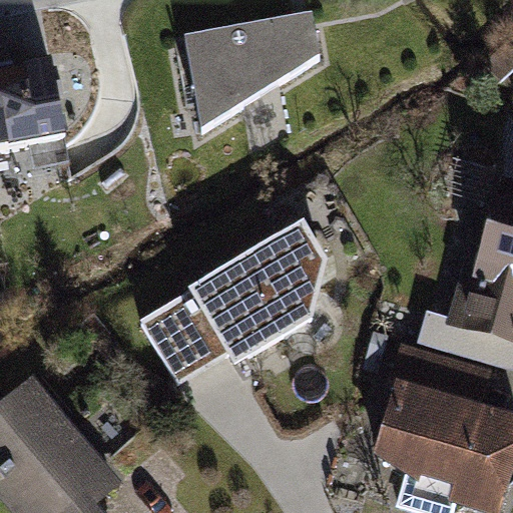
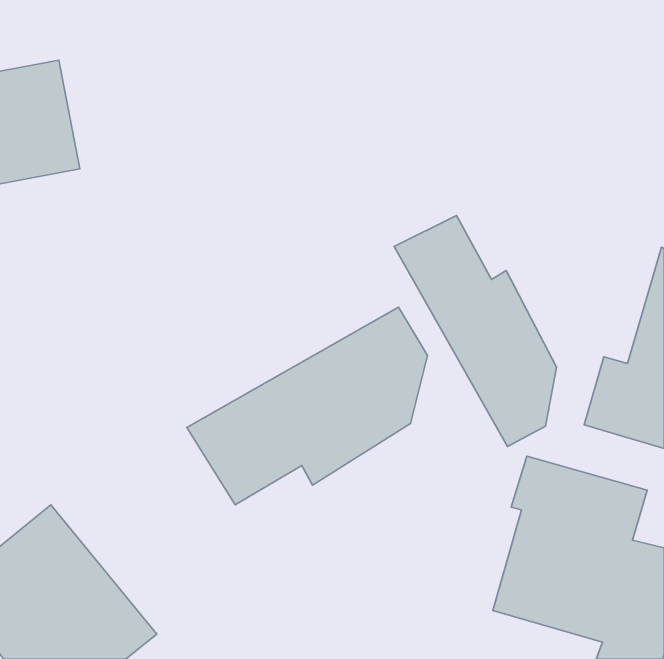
building: [182,7,327,128] -> none
building: none -> [394,215,557,446]

